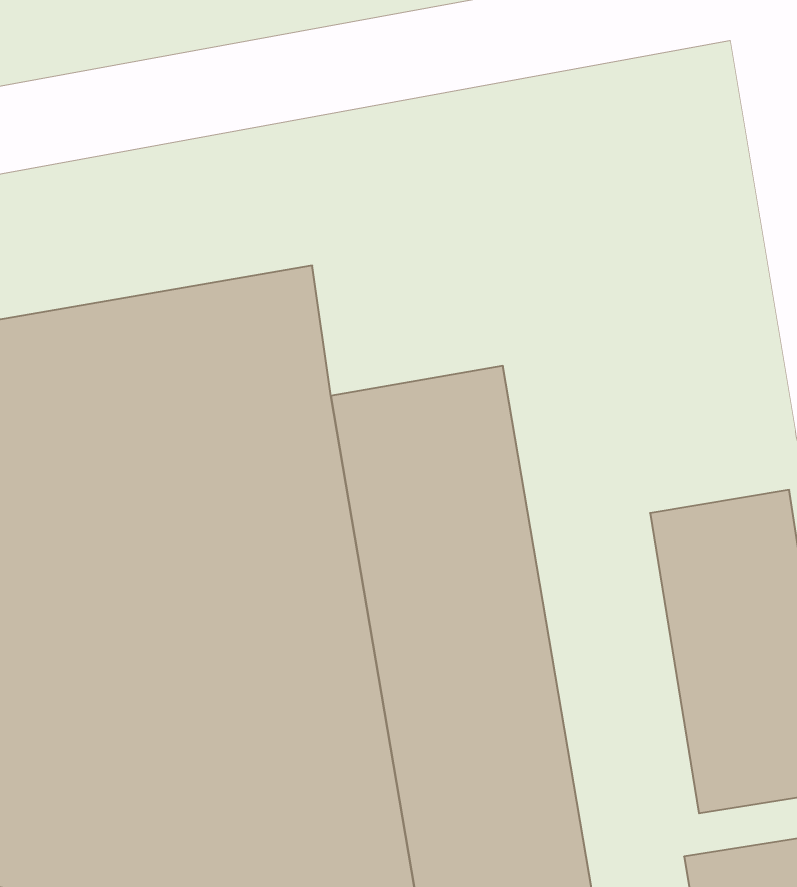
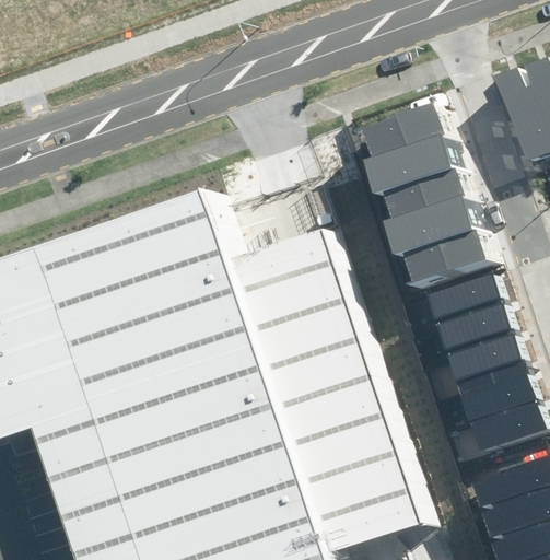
building: none -> [370,103,490,281]

